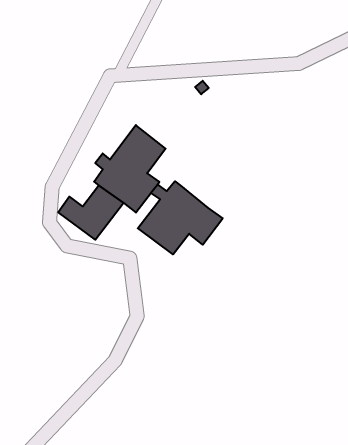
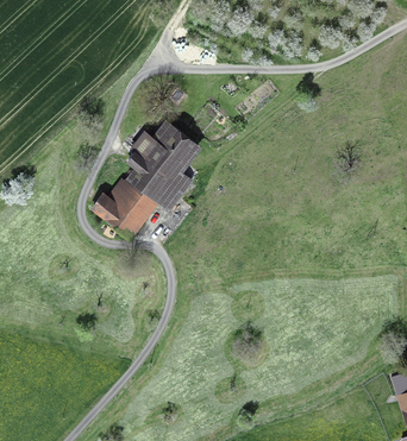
building: [138,181,223,254] -> none

